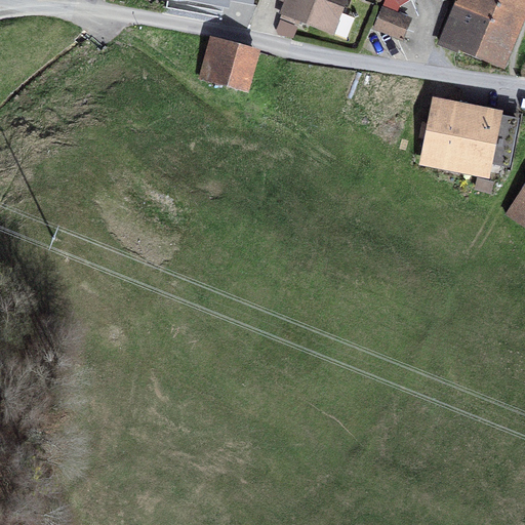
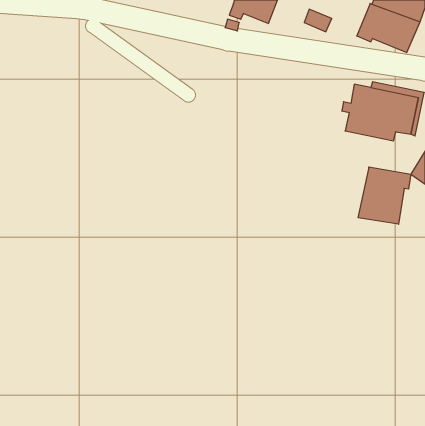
building: [199,39,257,92] -> none
building: none -> [358,167,411,224]

